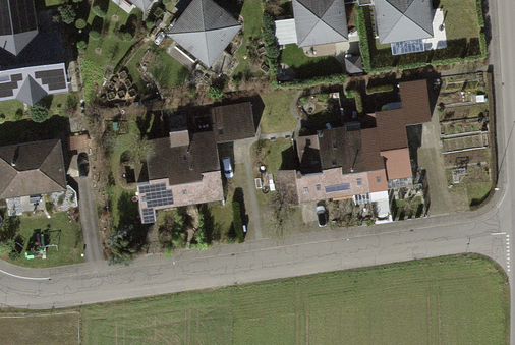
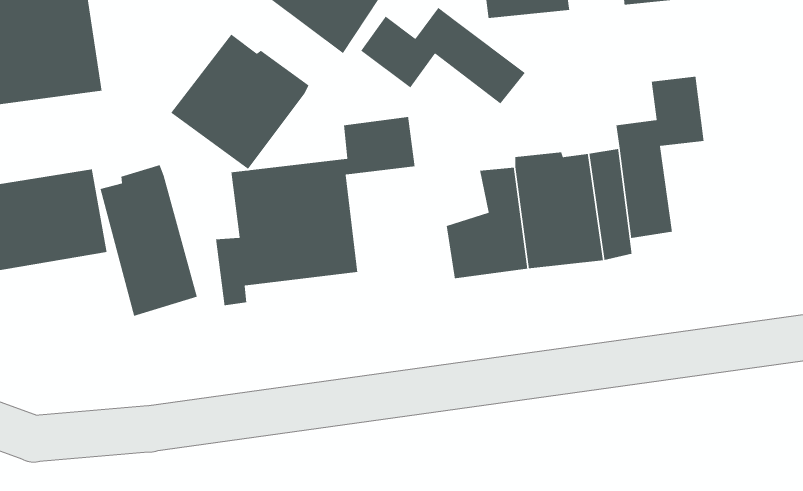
building: none -> [360,7,526,105]
building: none -> [170,34,310,170]
building: none -> [100,164,198,317]

